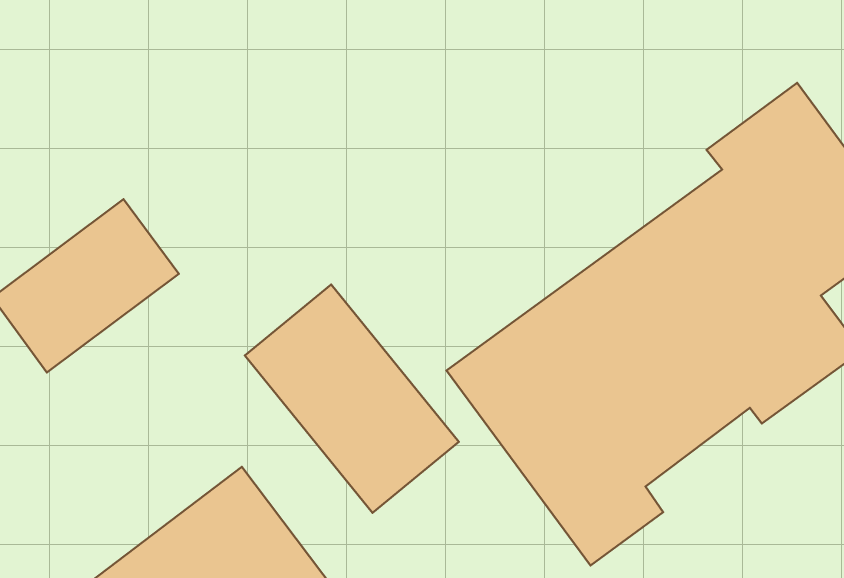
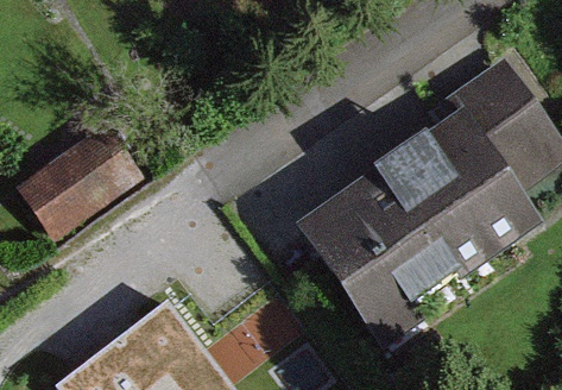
building: [245,285,459,513] -> none

